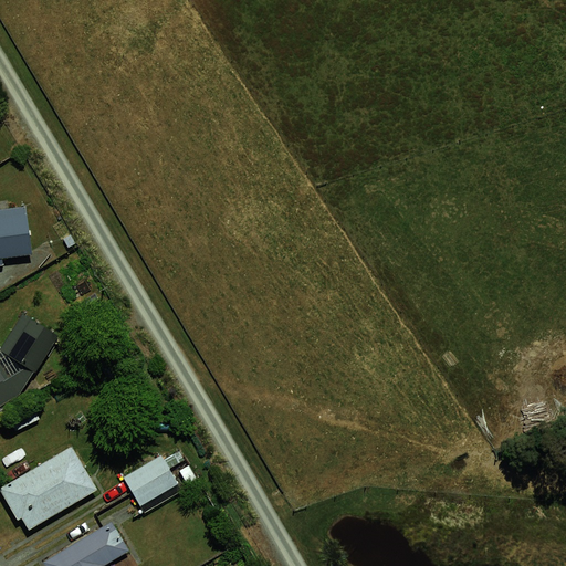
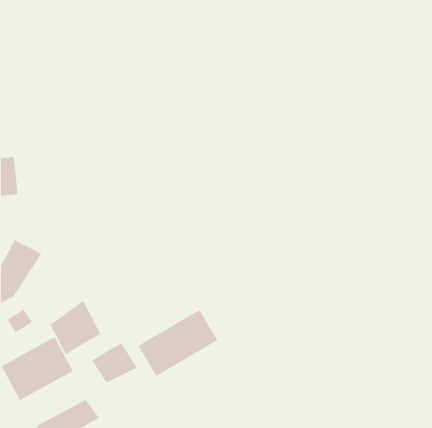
building: none -> [49,300,101,355]
building: none -> [137,309,218,377]

